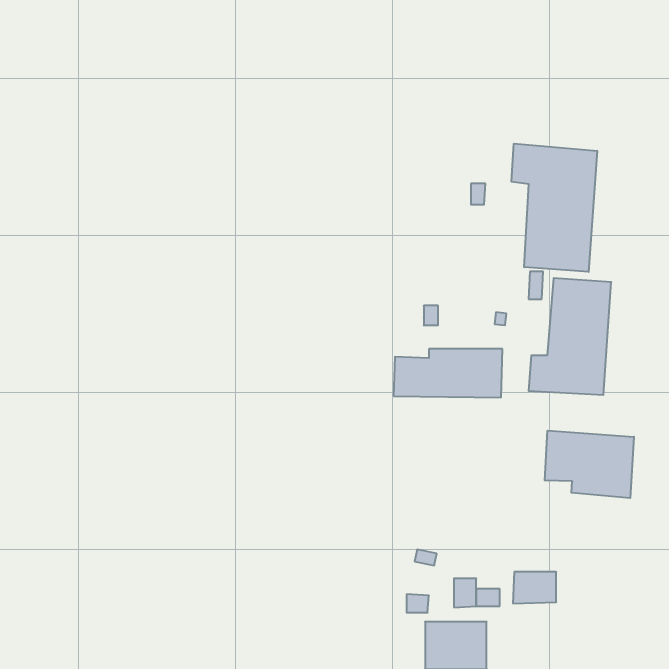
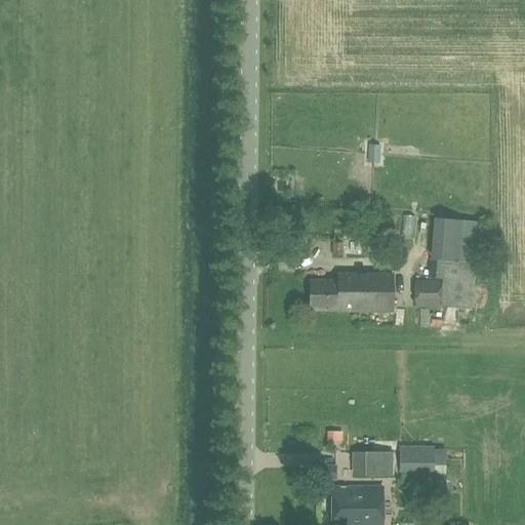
building: [511,144,597,272] -> none
building: [545,431,634,498] -> none

